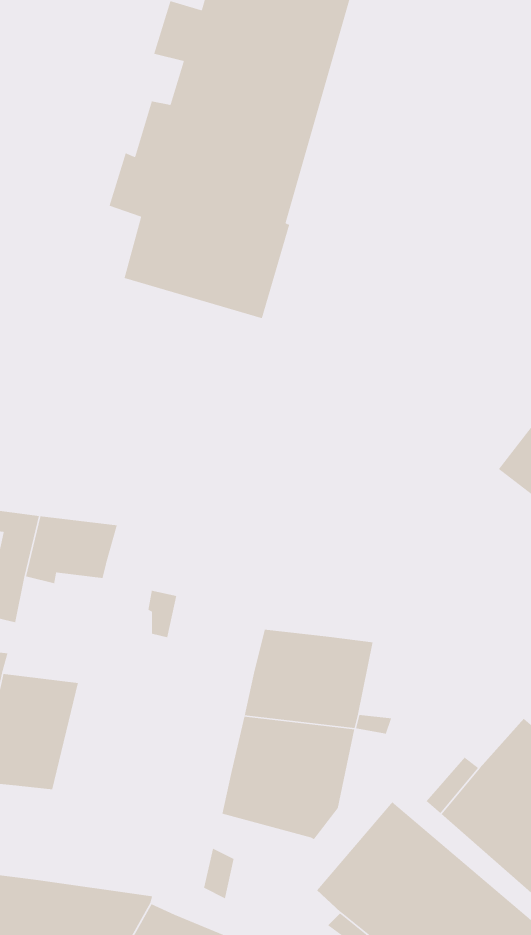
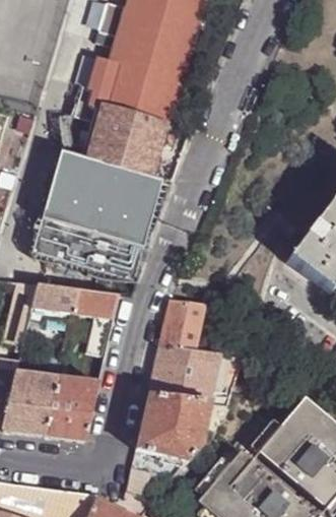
building: none -> [31,148,170,278]
building: none -> [74,289,121,317]
building: none -> [160,300,207,350]
building: none -> [45,376,100,440]

